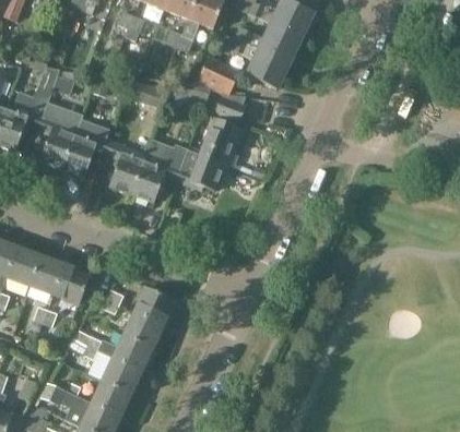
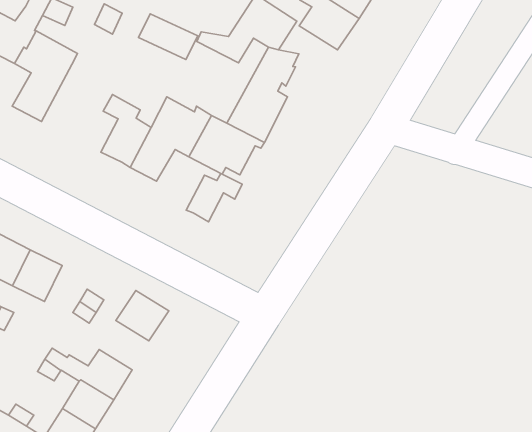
building: [61,121,113,176] -> none
building: none -> [186,174,242,222]
building: [125,309,161,344] -> none

